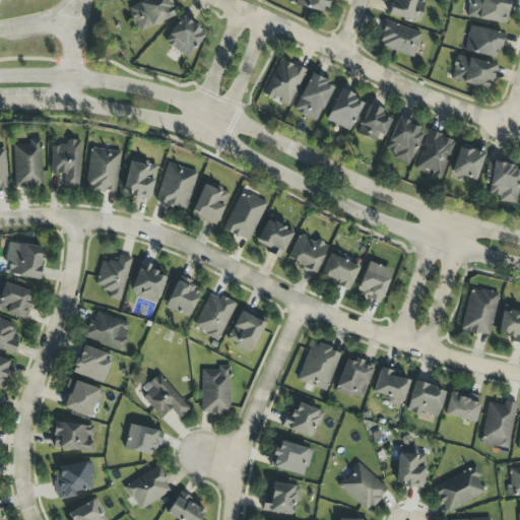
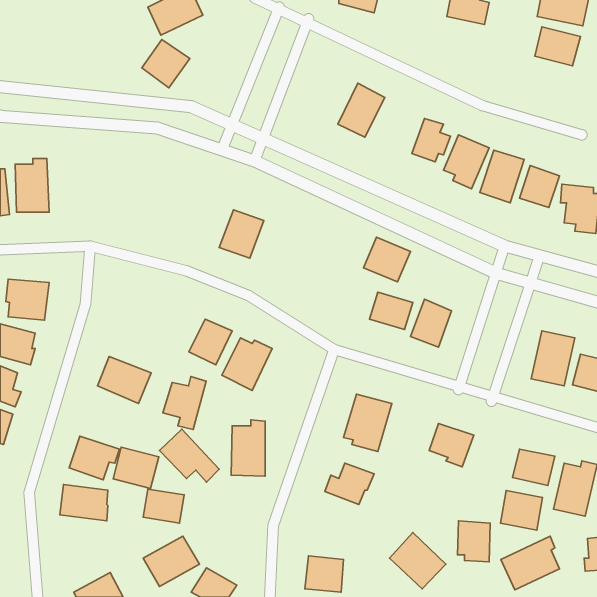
building: [166,15,207,57] -> [142,40,190,88]
building: [381,20,422,55] -> none
building: [452,53,497,87] -> none
building: [264,56,308,105] -> none
building: [327,88,365,129] -> none
building: [52,138,82,186] -> none
building: [86,146,123,192] -> none
building: [124,156,158,199] -> none
building: [157,161,198,209] -> none
building: [224,190,268,241] -> none
building: [258,217,295,257] -> none
building: [287,233,328,271] -> [364,237,411,282]
building: [95,253,133,299] -> [163,377,206,429]
building: [132,263,169,302] -> none
building: [226,308,267,351] -> none
building: [74,344,114,380] -> [113,447,159,488]
building: [336,356,375,398] -> none
building: [409,381,446,415] -> [500,490,543,530]
building: [272,438,313,474] -> none
building: [55,460,92,498] -> none

